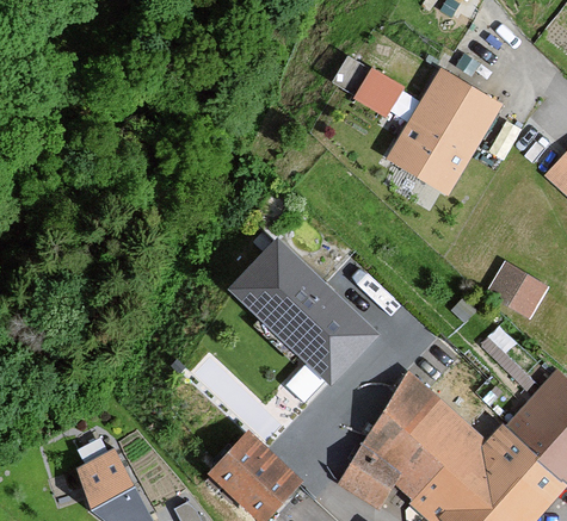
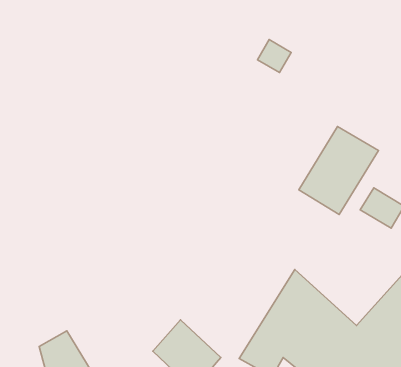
building: [394,74,498,188] -> [299,127,379,214]
building: [224,236,378,386] -> none

